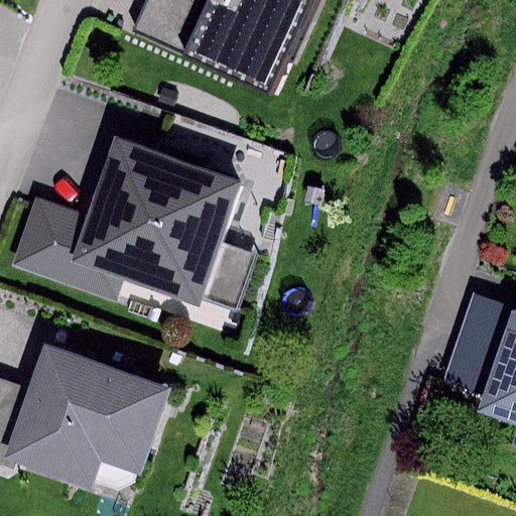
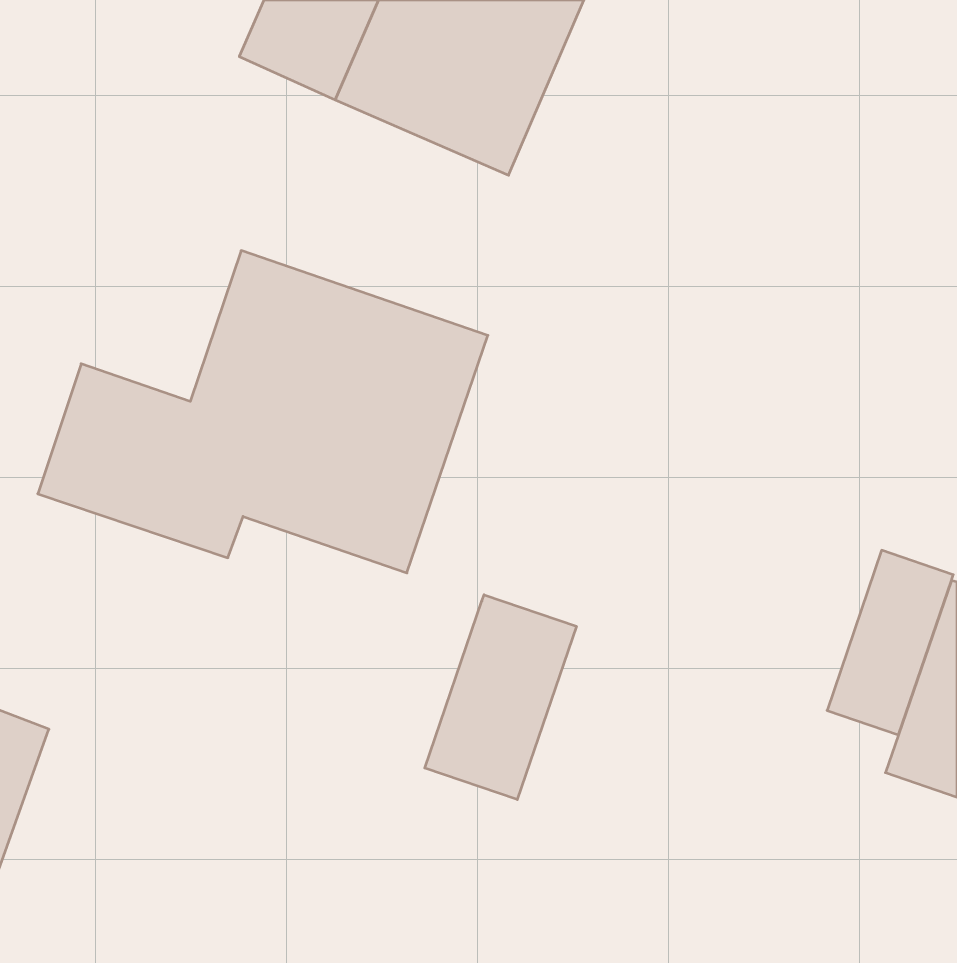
building: none -> [425,595,576,800]
building: [4,347,164,490] -> none

